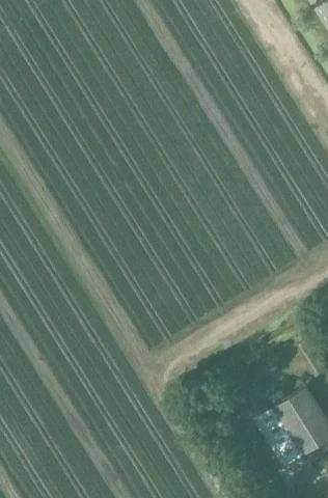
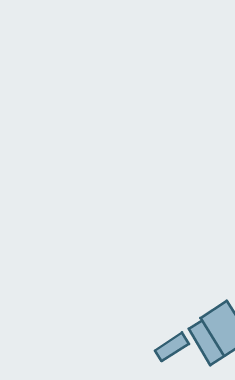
building: none -> [155,332,189,361]

